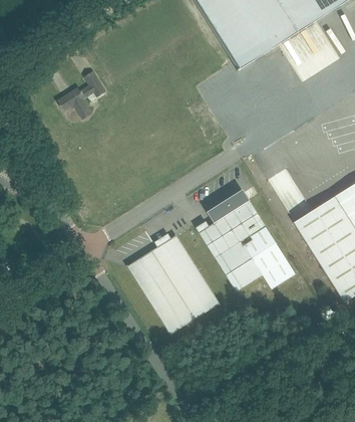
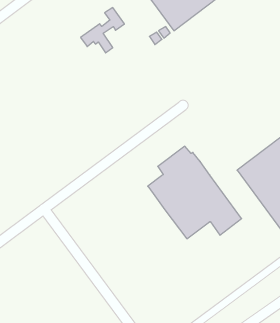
building: [57,70,104,118] -> [81,8,124,53]
building: [126,233,220,333] -> none

